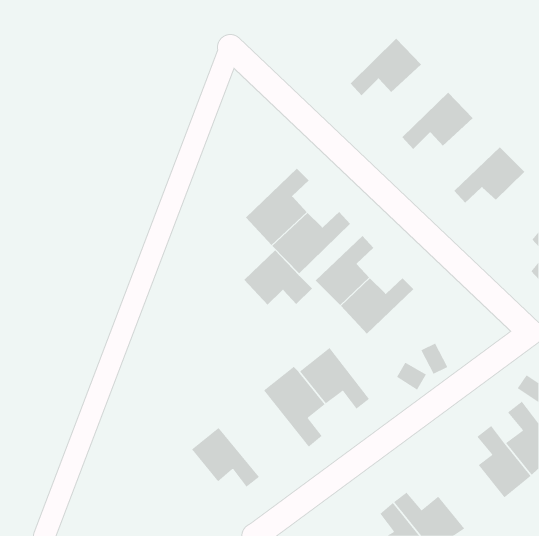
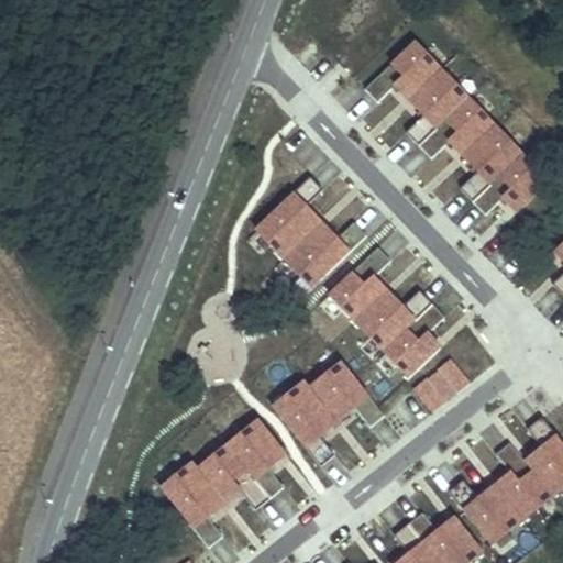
building: none -> [406,67,466,143]
building: none -> [460,123,520,199]
building: [244,250,313,305] -> none
building: none -> [382,301,444,375]
building: none -> [228,419,287,497]
building: none -> [162,462,227,545]
building: none -> [449,481,525,545]

